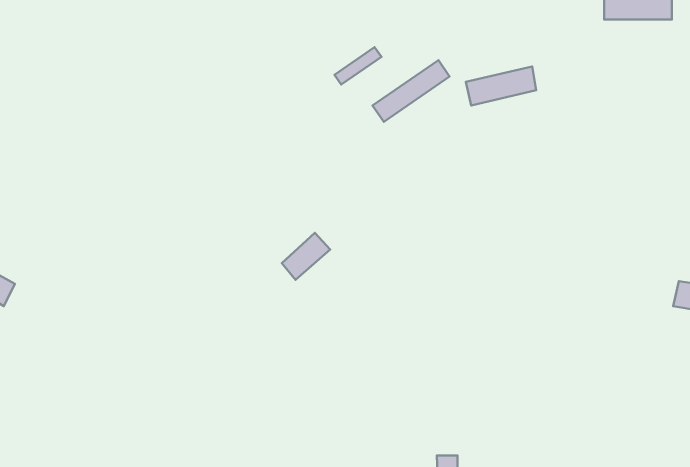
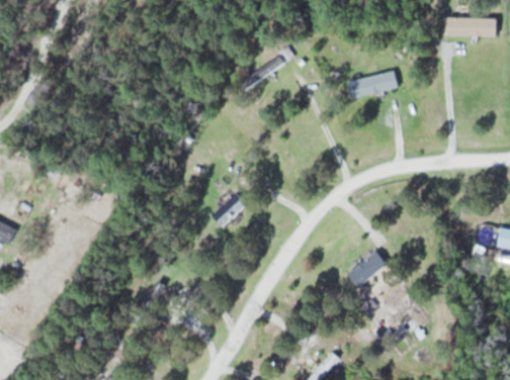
building: [373,60,450,122] -> none
building: none -> [345,250,387,287]

